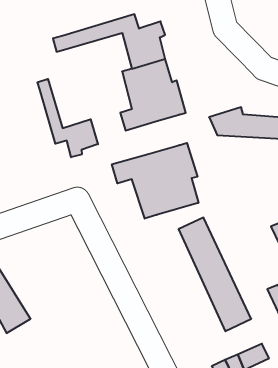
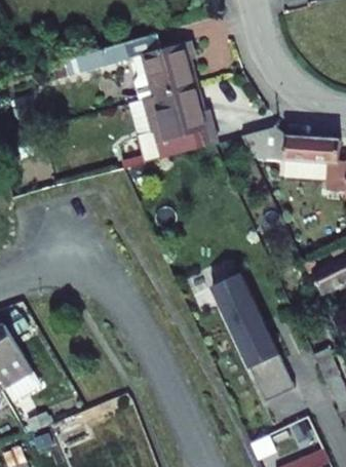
building: [37,79,98,157] -> none
building: [112,143,198,219] -> none

